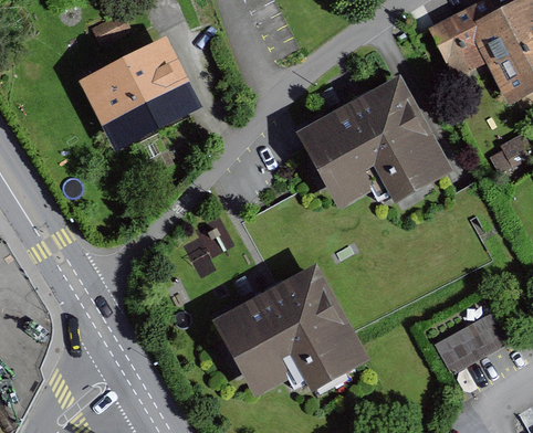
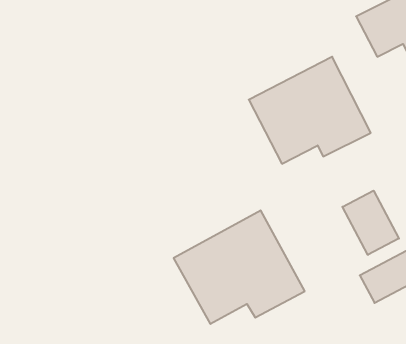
building: [80,40,199,151] -> none
building: none -> [342,191,399,255]

